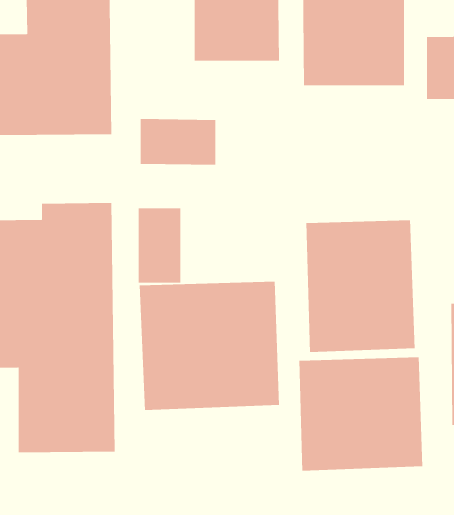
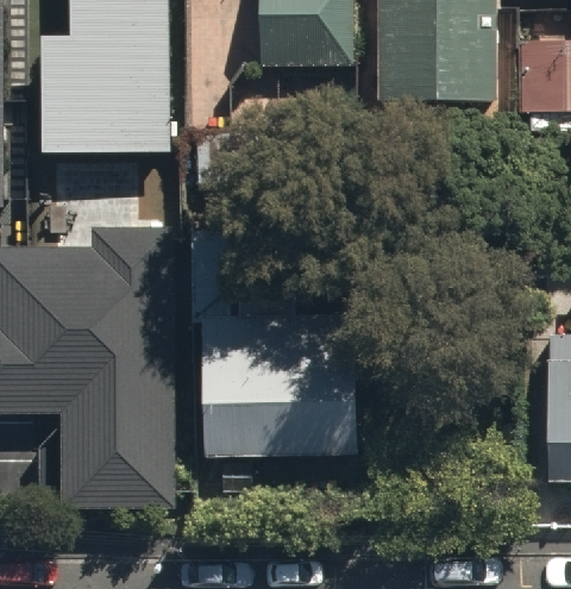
building: [306,220,415,353] -> none
building: [299,356,423,471] -> none

